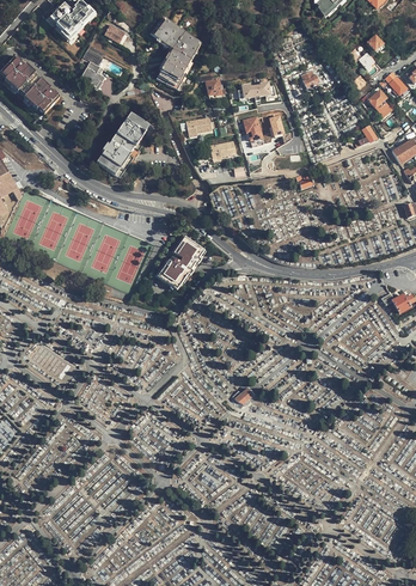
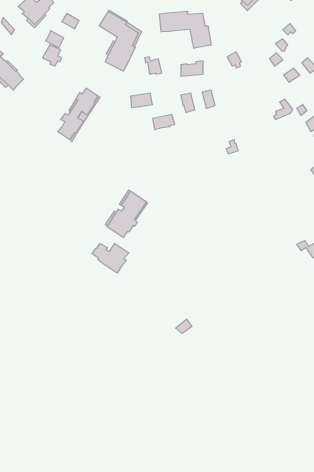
building: none -> [160,11,211,48]
building: none -> [92,243,129,273]

